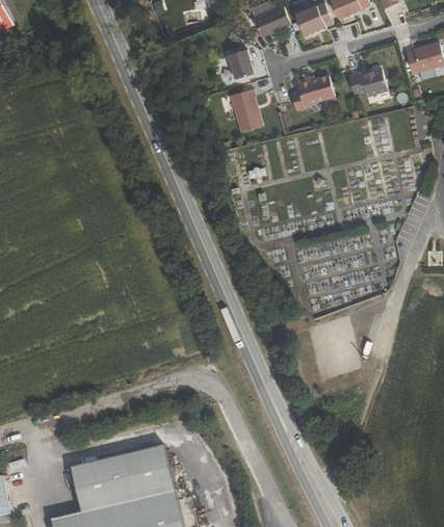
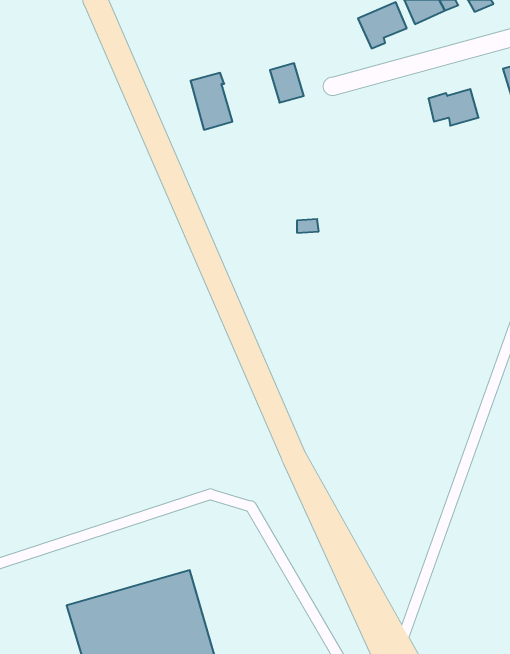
building: [253,6,289,36] -> none
building: [289,75,333,111] -> none
building: [228,88,260,132] -> [190,73,232,130]

